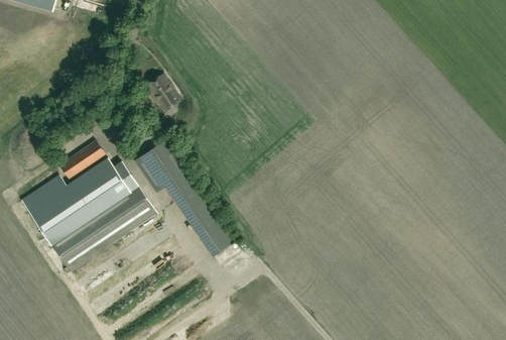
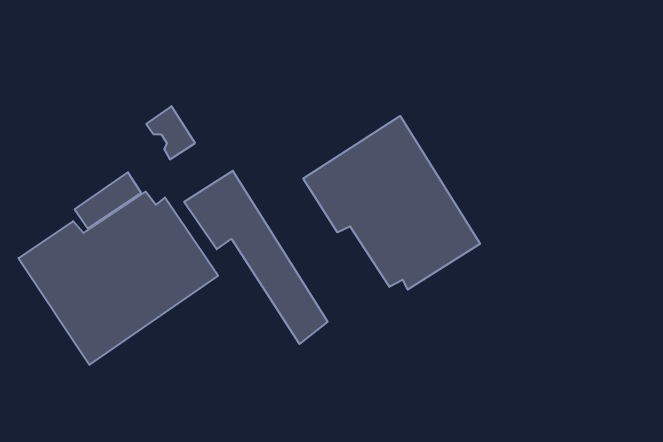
building: [145,76,178,112] -> [146,106,195,159]
building: none -> [303,116,480,290]

